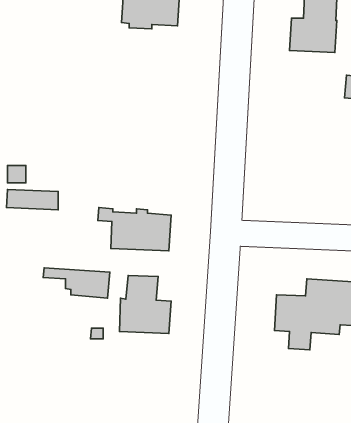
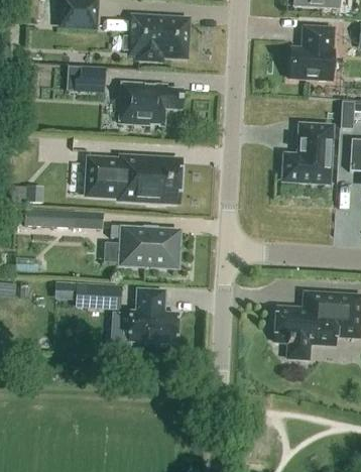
building: none -> [79,66,105,93]
building: none -> [120,82,183,125]
building: none -> [284,124,332,181]
building: none -> [88,157,183,202]

